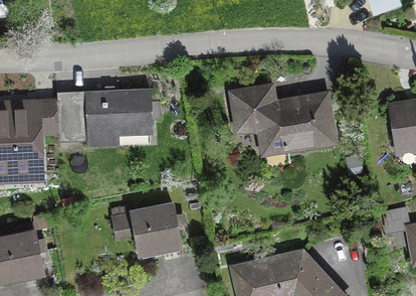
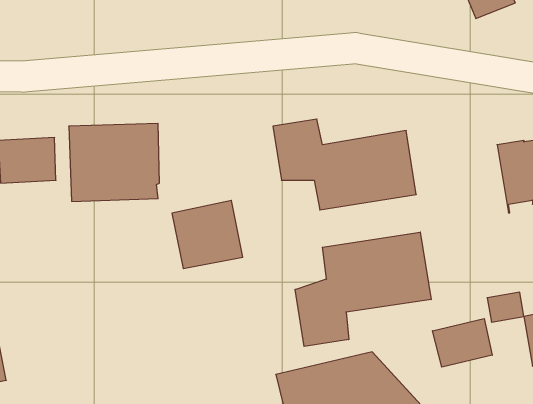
building: none -> [295,232,431,346]
building: [130,206,180,255] -> [172,200,243,269]
building: none -> [432,319,492,367]

